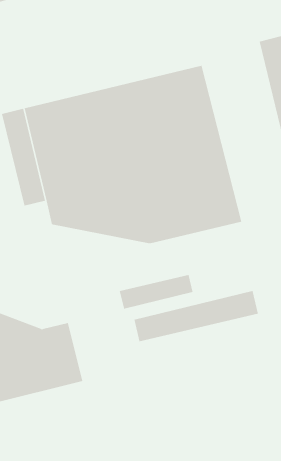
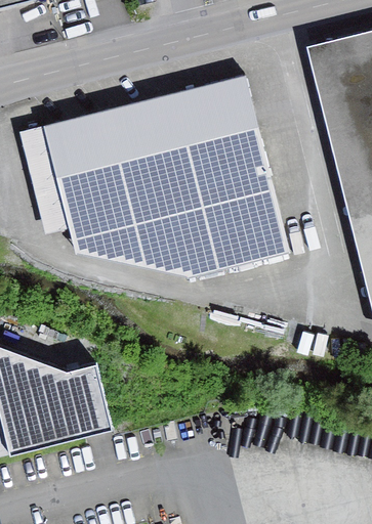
building: [119,274,193,310] -> none
building: [134,290,259,342] -> none

